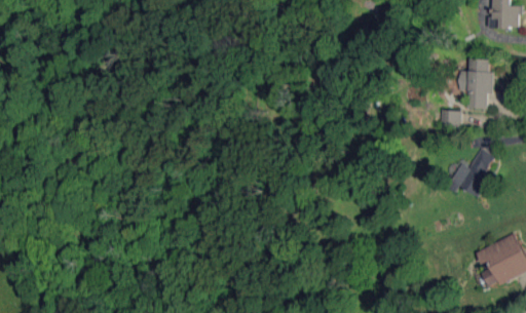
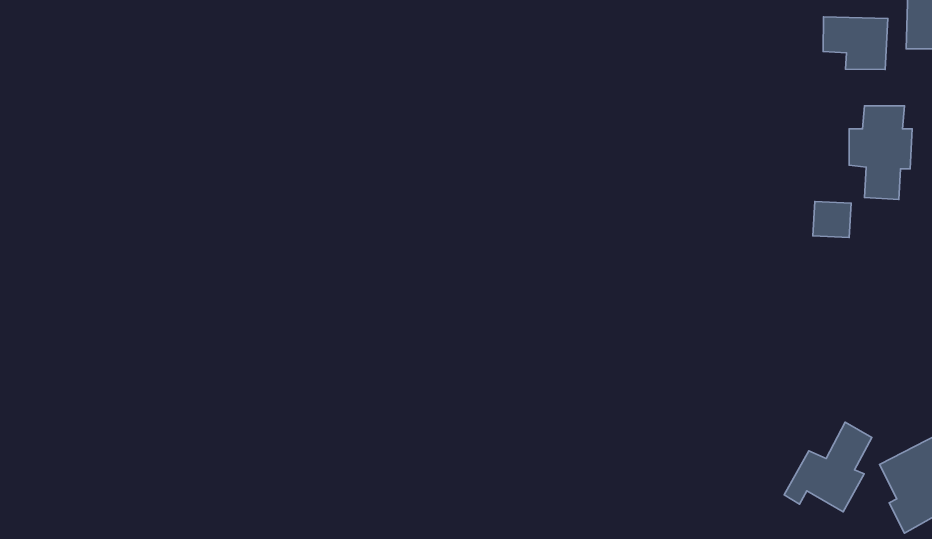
building: none -> [823,17,888,70]
building: [446,148,493,196] -> [784,422,872,512]

